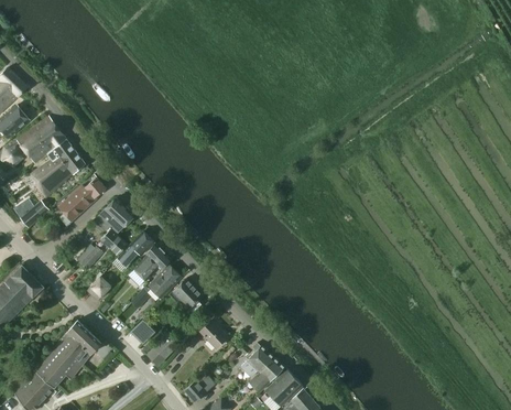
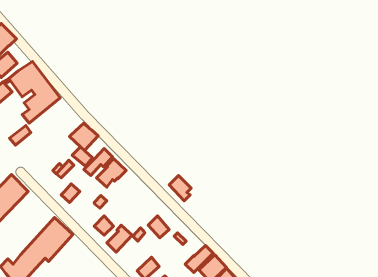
building: [57,177,104,222] -> none
building: [146,263,181,299] -> none
building: [173,278,202,311] -> [169,176,191,201]
building: [239,345,274,378] -> none

